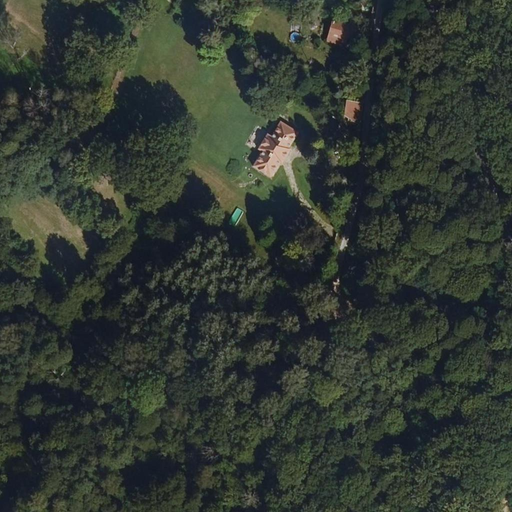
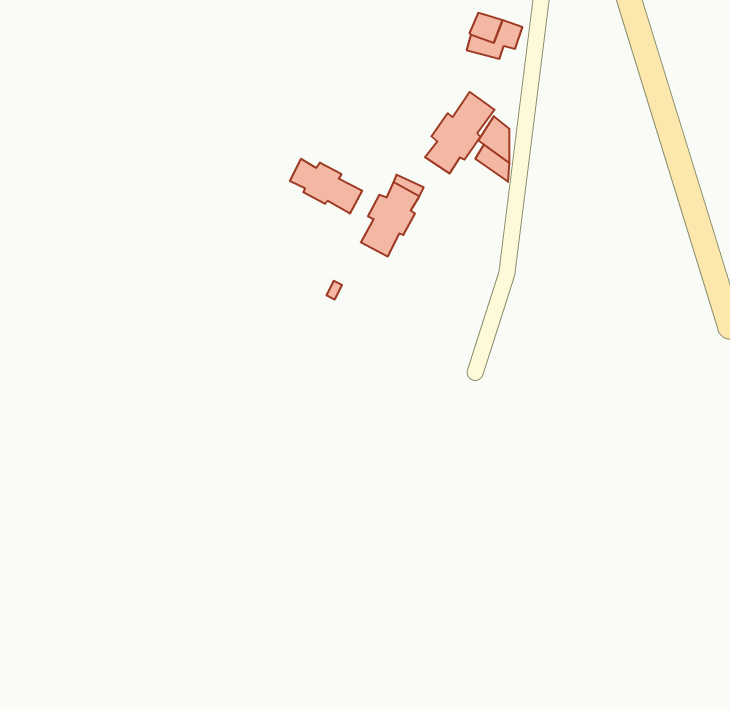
building: none -> [425,92,495,174]
building: none -> [290,159,362,214]

